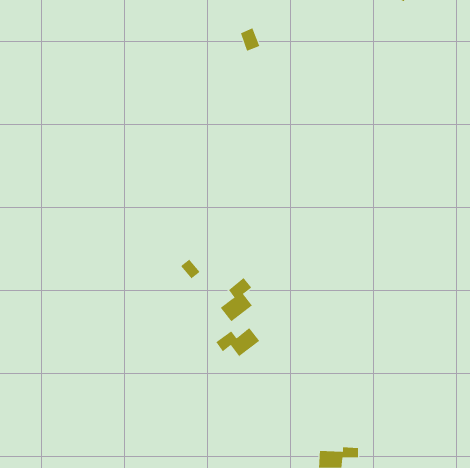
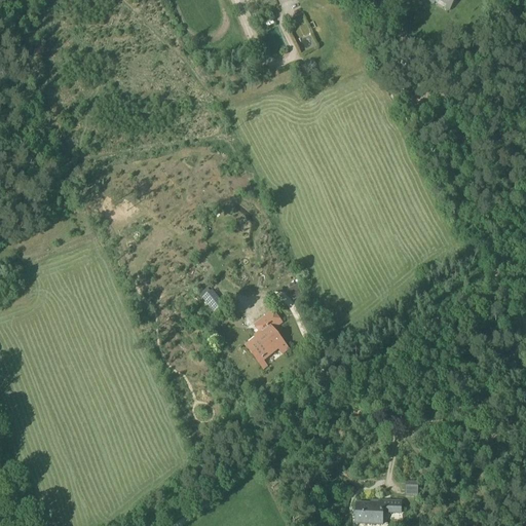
building: [215,327,264,363] -> none

